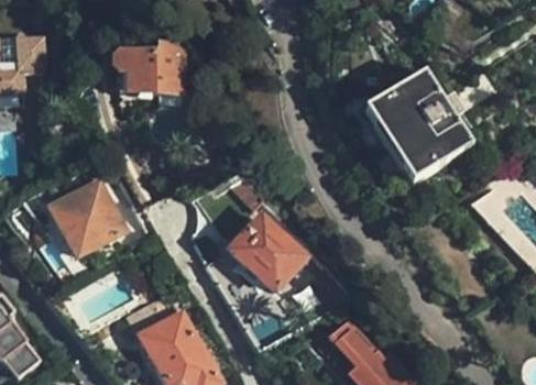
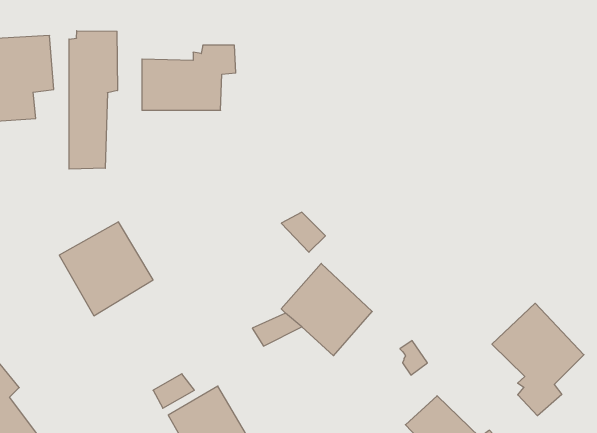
building: none -> [69,31,117,169]
building: [361,69,472,183] -> none
building: none -> [492,303,584,416]

